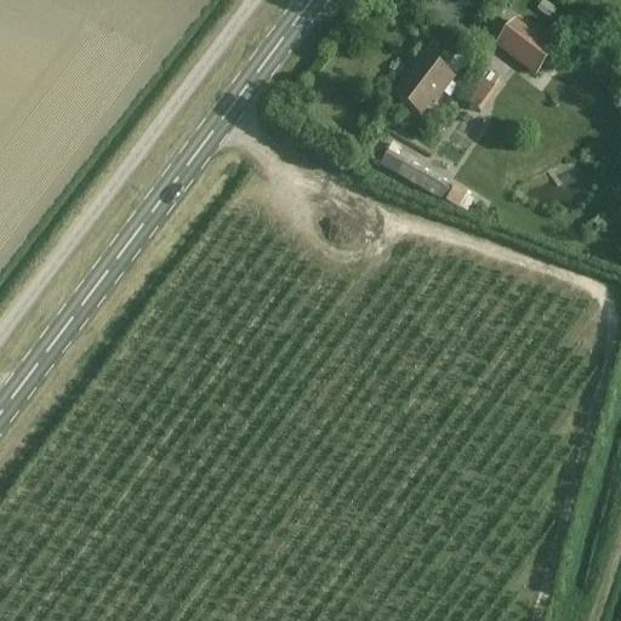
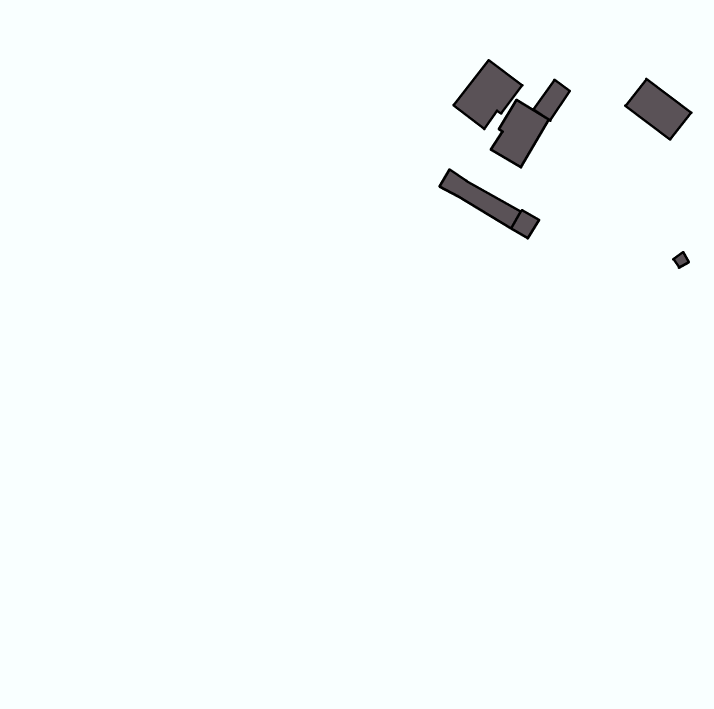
building: [497,18,554,70] -> [625,79,691,139]
building: none -> [491,100,549,167]

